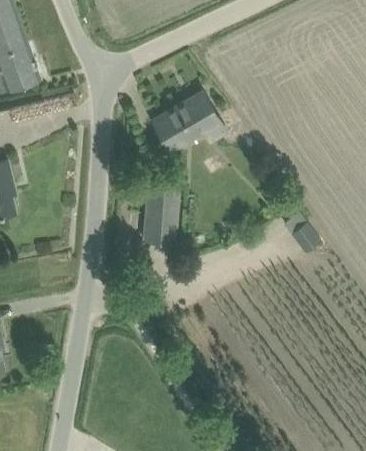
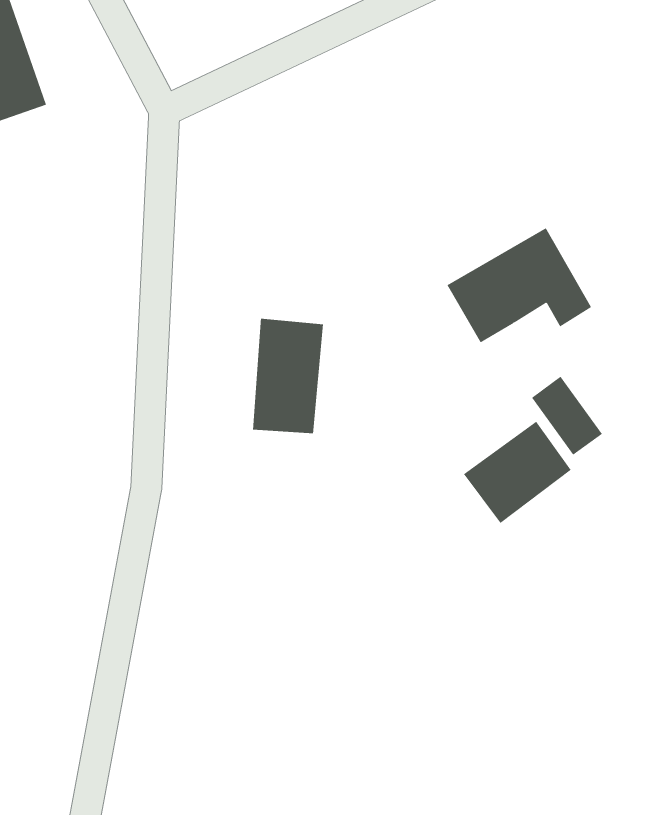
building: [153,92,226,150] -> [446,227,592,343]
building: none -> [463,421,571,524]

